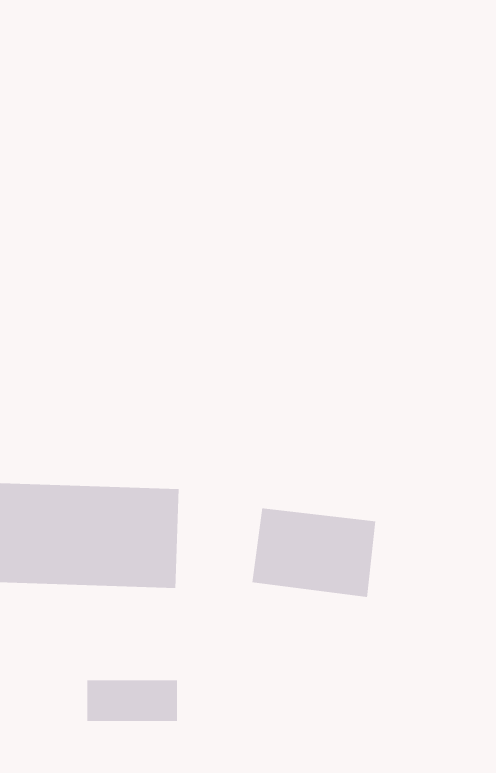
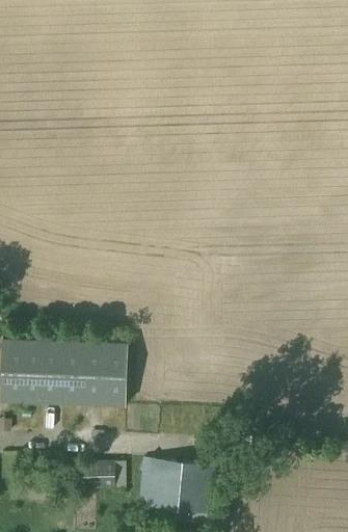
building: [251,508,376,598] -> [138,458,216,514]

